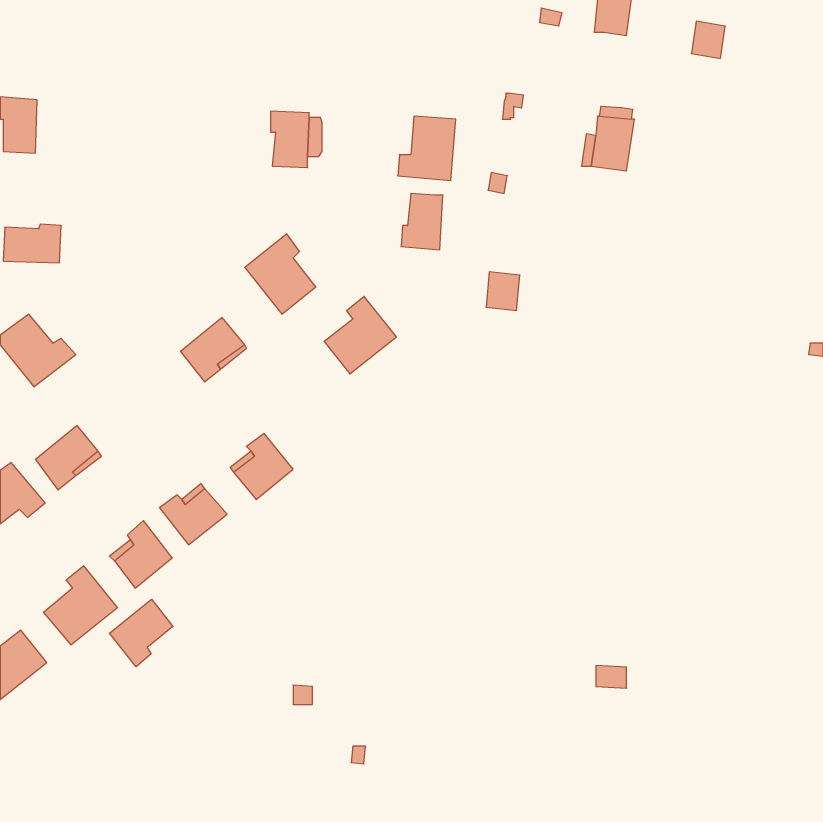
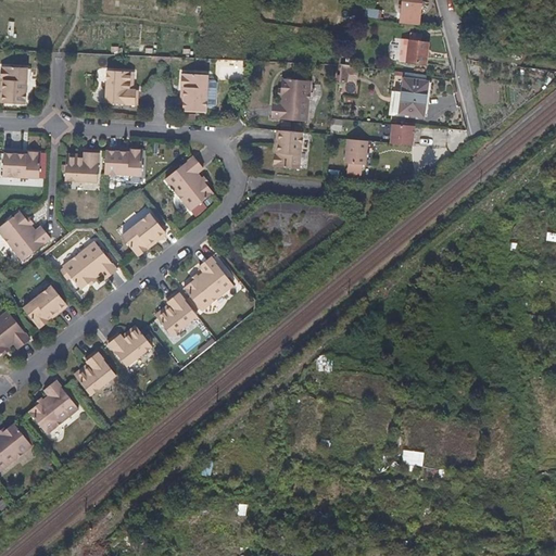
building: [691,21,725,58] -> [407,37,430,62]
building: none -> [105,71,138,104]
building: none -> [387,123,413,143]
building: none -> [65,150,99,182]
building: none -> [104,150,142,176]
building: [486,272,520,310] -> [345,139,368,165]
building: [324,296,396,374] -> [185,258,233,311]
building: none -> [63,242,117,290]
building: [110,599,173,667] -> none

